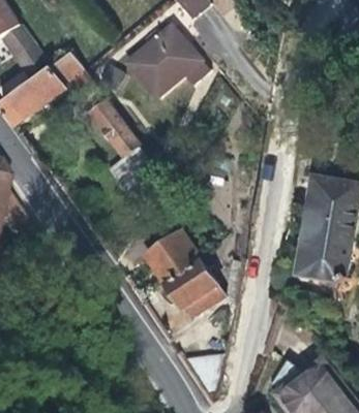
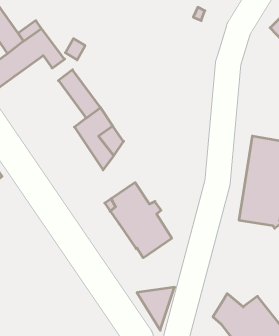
building: [126,26,207,96] -> none

